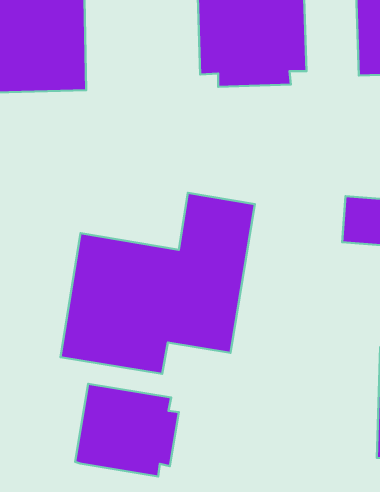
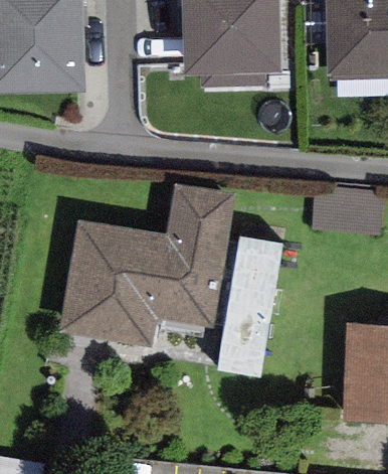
building: none -> [217,235,282,376]
building: [75,384,179,476] -> none

